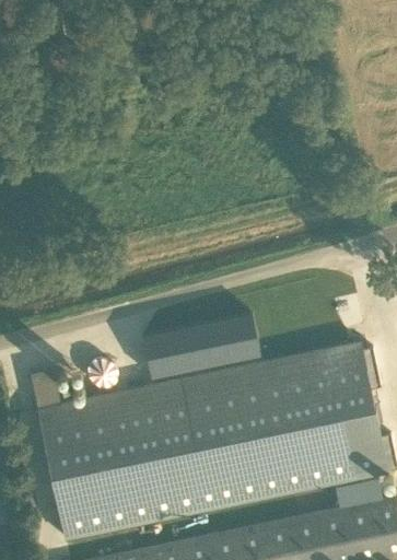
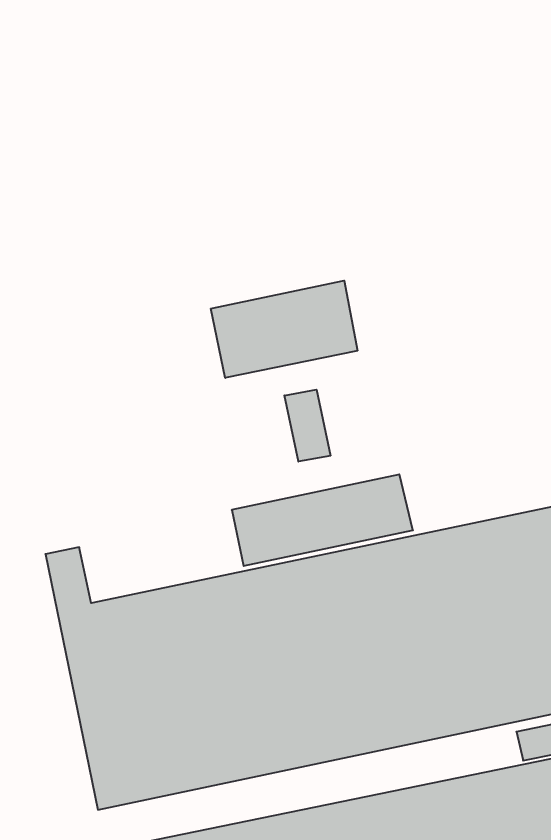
building: none -> [211,281,357,378]
building: none -> [284,390,330,462]

